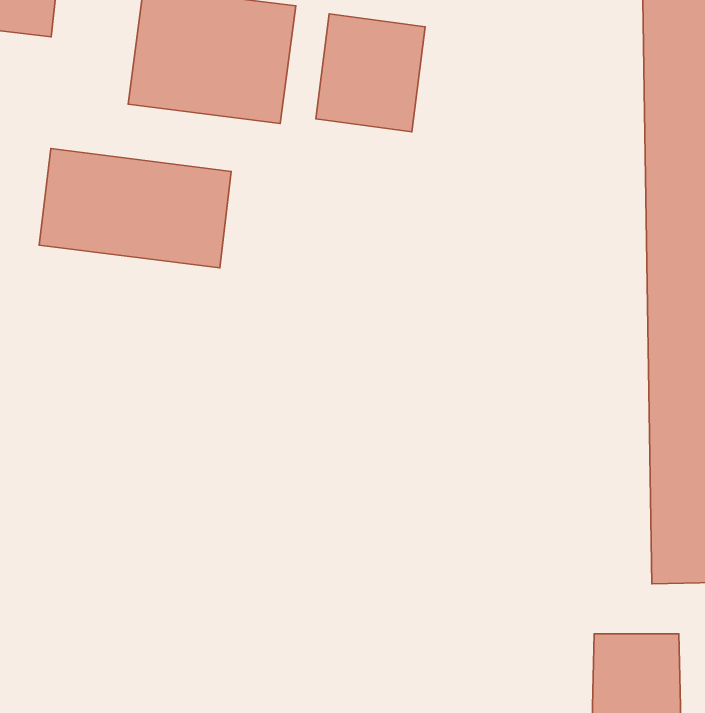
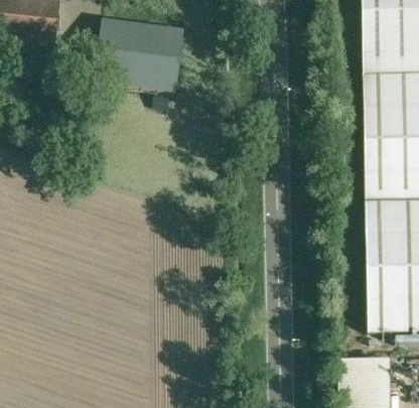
building: [316,14,425,132] -> none
building: [39,149,231,268] -> none

